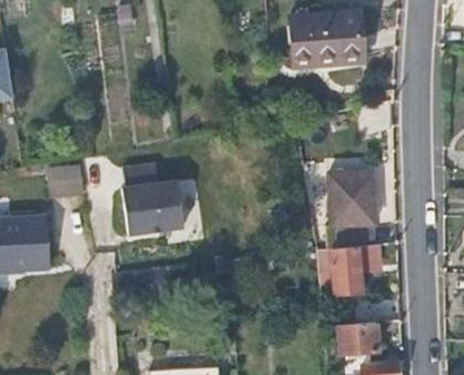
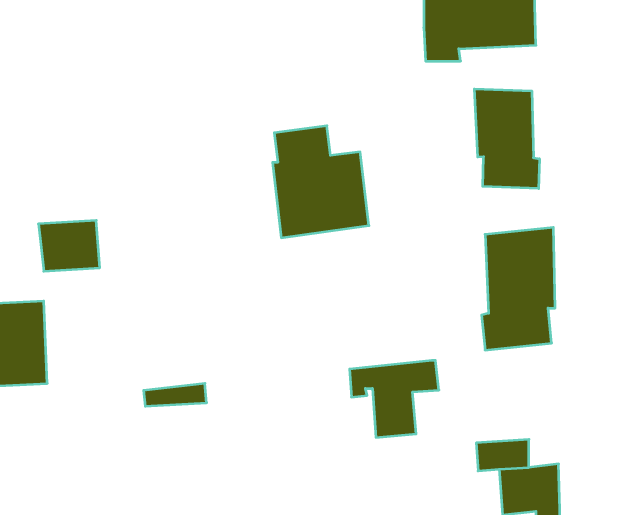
building: none -> [474,89,539,189]
building: [124,164,185,235] -> [273,126,369,238]
building: [319,244,376,293] -> [350,360,439,437]

